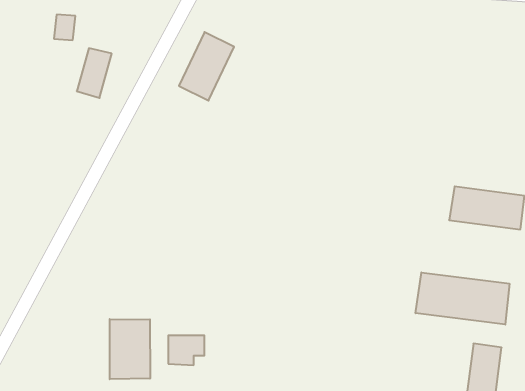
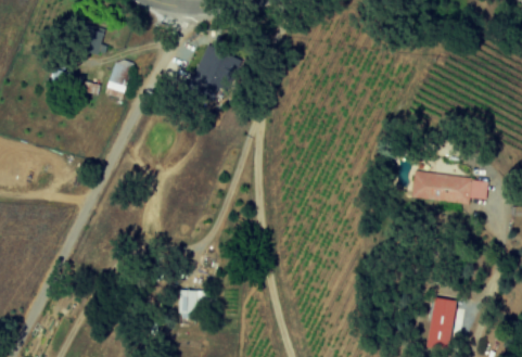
building: [416,272,509,325] -> none
building: [110,319,150,379] -> none

